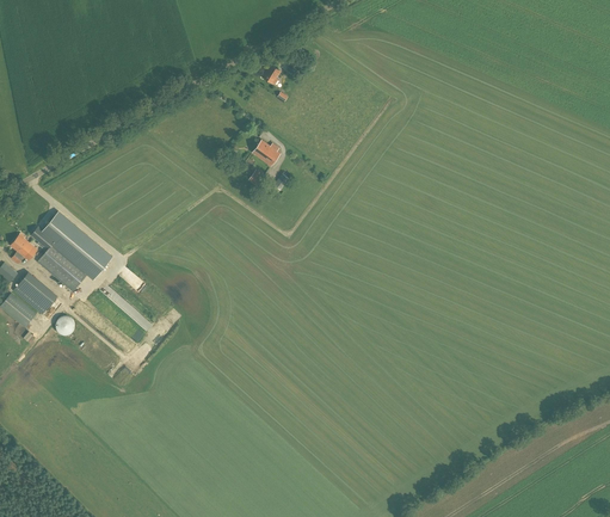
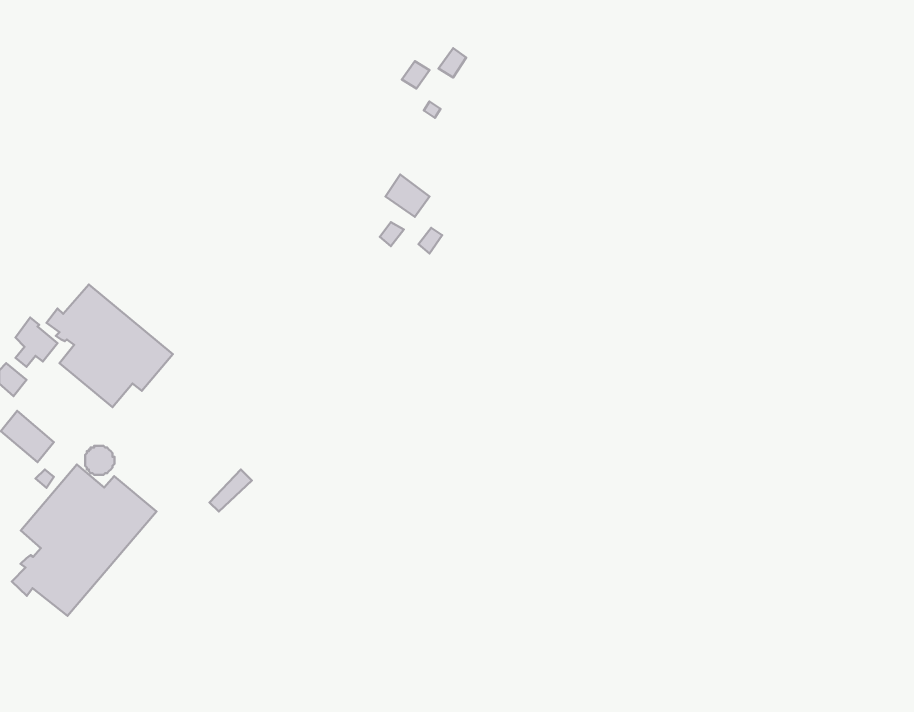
building: [13,272,57,314] -> none
building: none -> [12,465,157,616]

